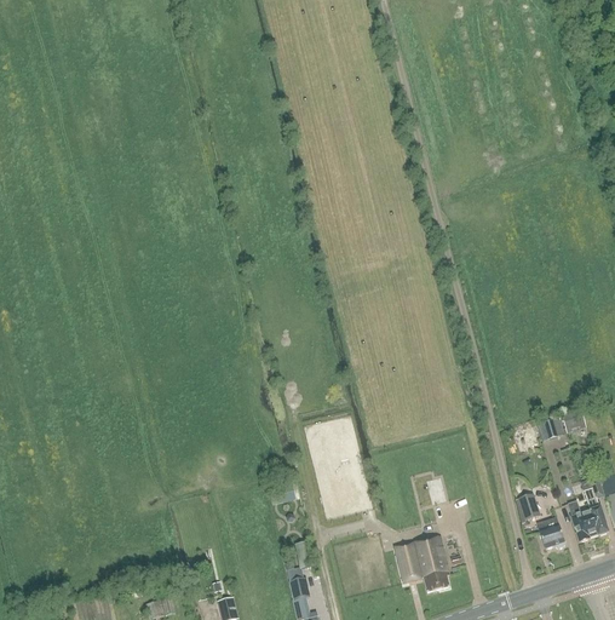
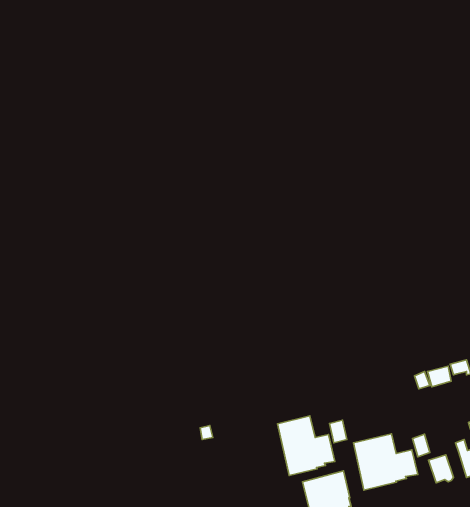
building: none -> [278,416,335,476]
building: none -> [353,434,418,490]

